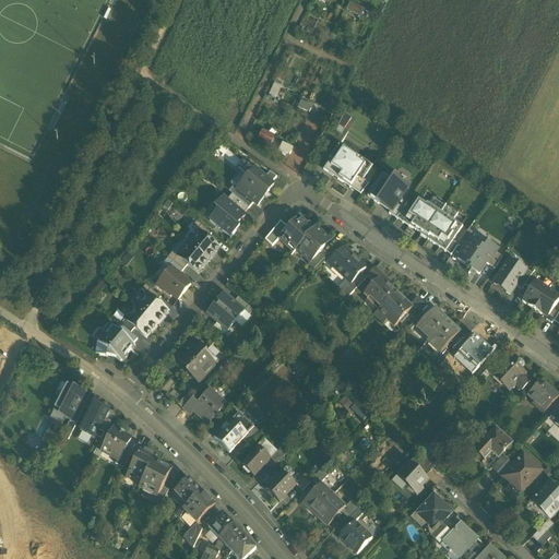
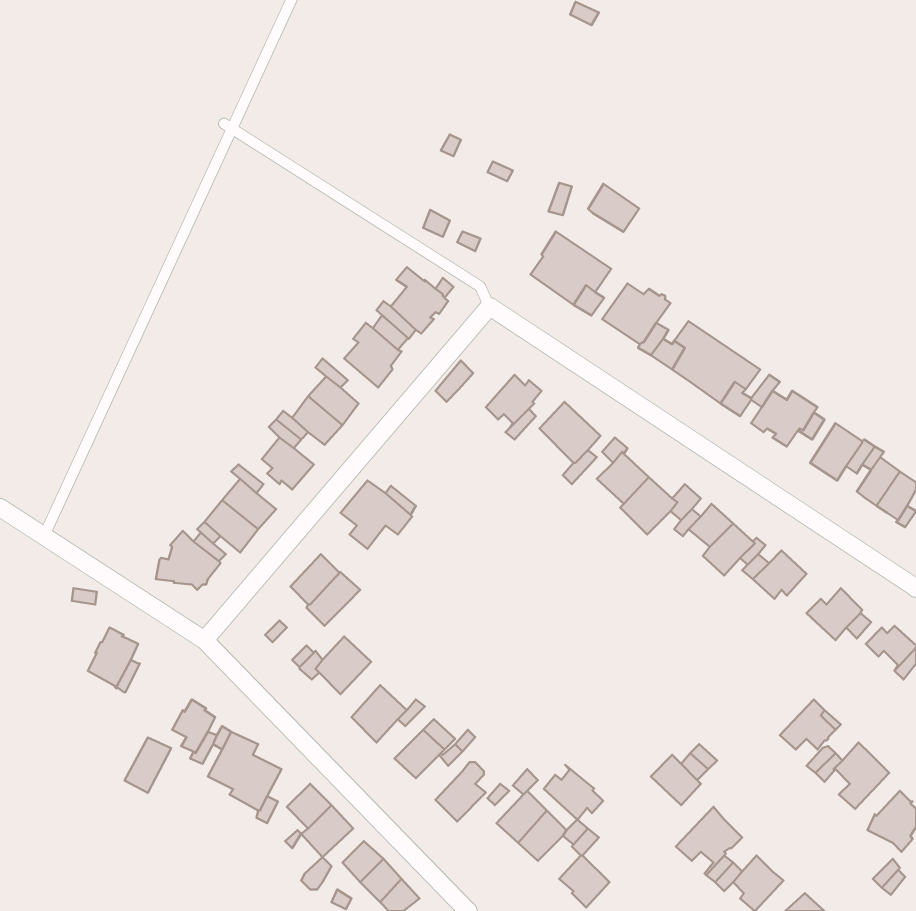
building: none -> [588,184,639,232]
building: [280,216,316,248] -> none
building: [80,402,108,436] -> [125,737,171,793]
building: none -> [544,765,603,820]

